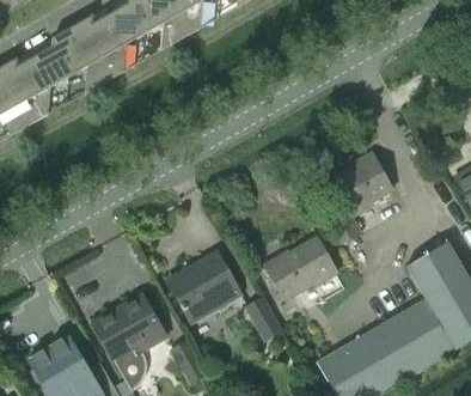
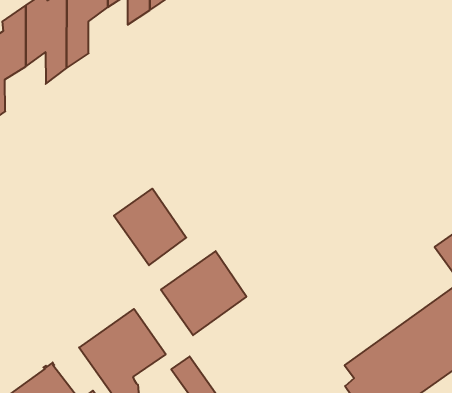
building: [322,156,391,240] -> none
building: none -> [114,189,186,265]
building: [267,237,335,299] -> none
building: [246,297,282,340] -> none

